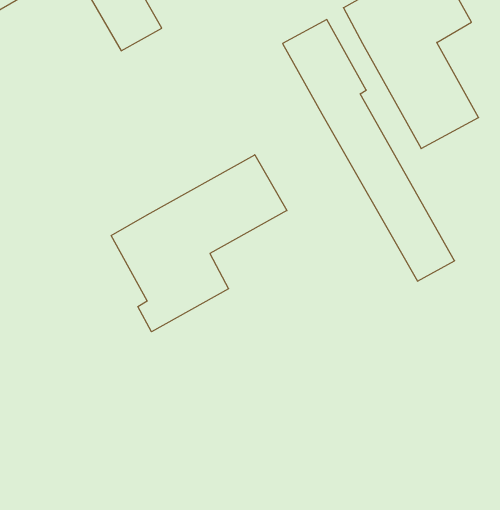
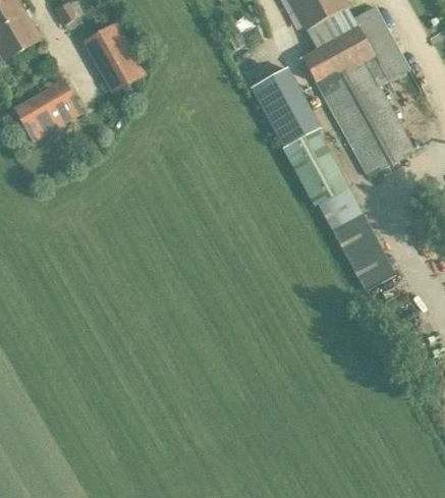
building: none -> [14,79,81,141]
building: [111,155,287,332] -> none

